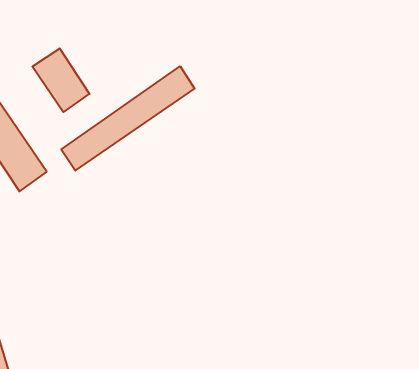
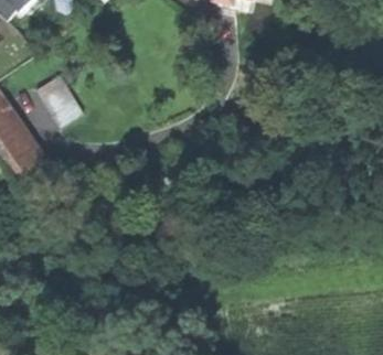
building: [61,66,195,171] -> none

